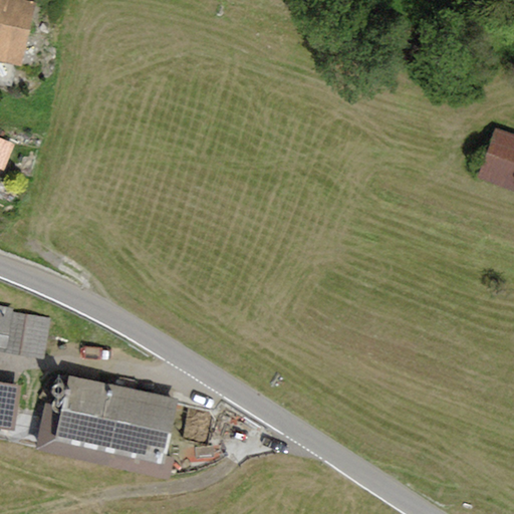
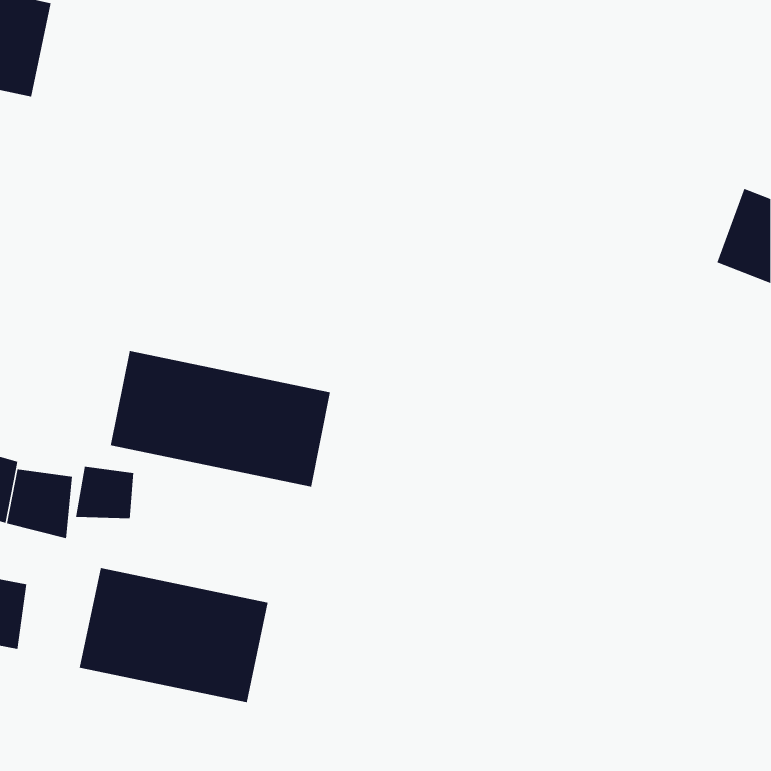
building: none -> [110,350,331,488]
building: none -> [76,466,134,519]

